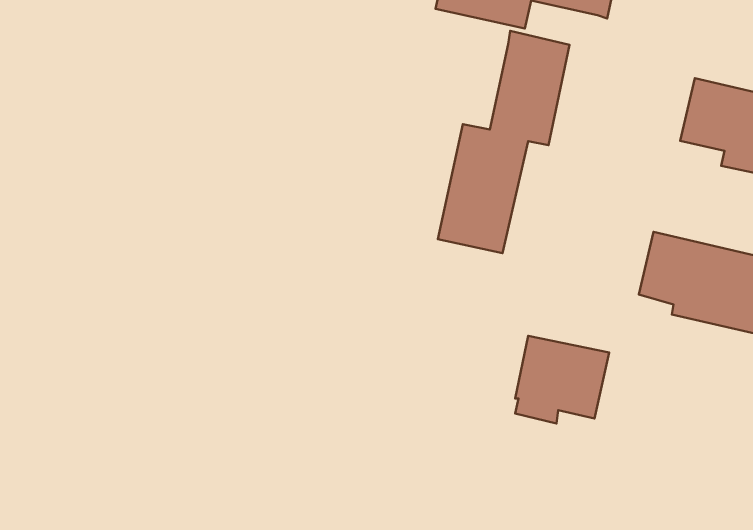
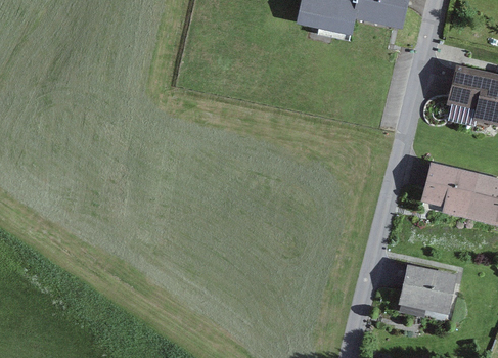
building: [438,31,570,253] -> none
building: [515,336,609,423] -> [400,264,458,318]

